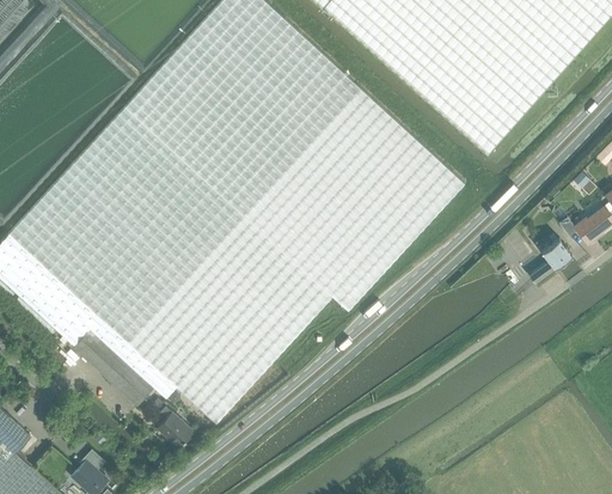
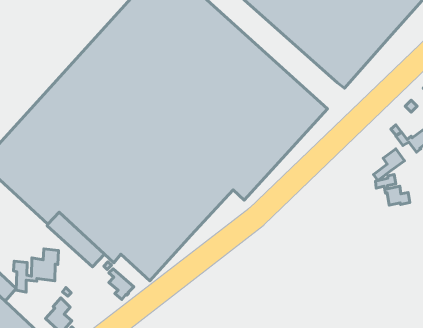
building: none -> [376,175,410,205]
building: none -> [13,249,58,292]

